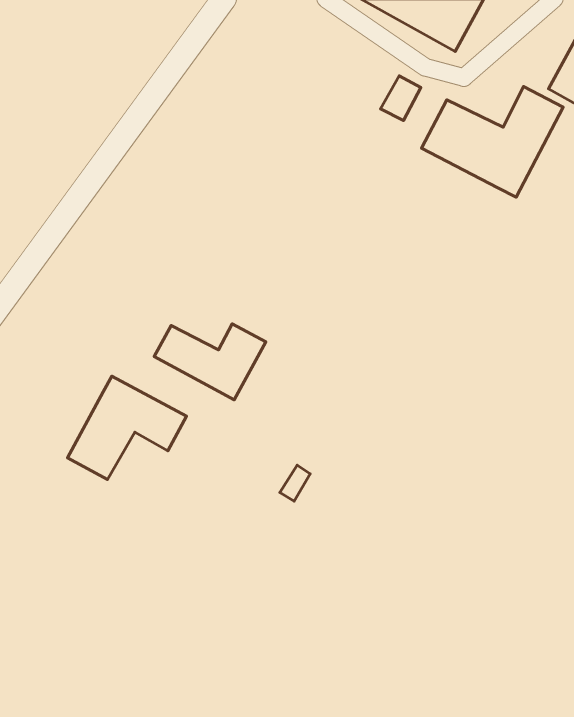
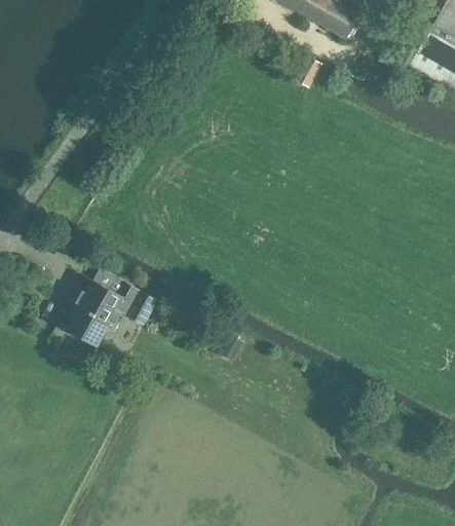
building: [421,87,563,197] -> none
building: [154,324,266,400] -> none

